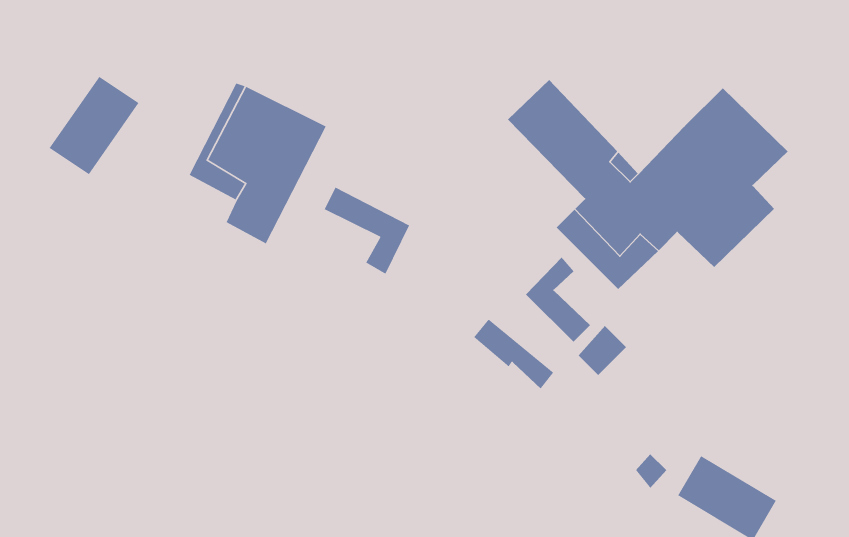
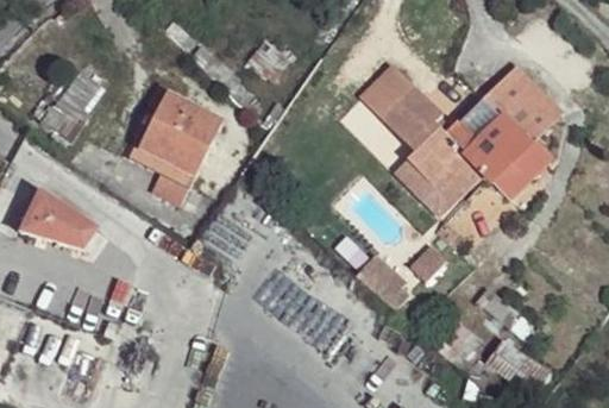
building: [323,187,410,275] -> none
building: none -> [15,186,98,246]
building: [525,257,591,343] -> none

